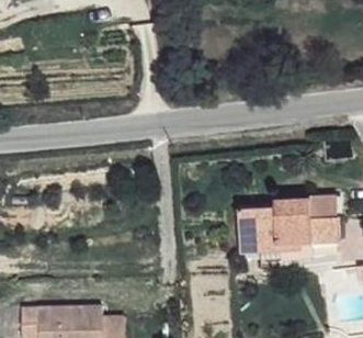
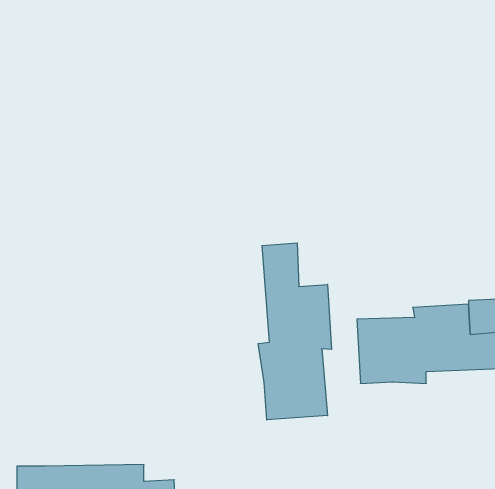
building: none -> [258,243,332,420]

